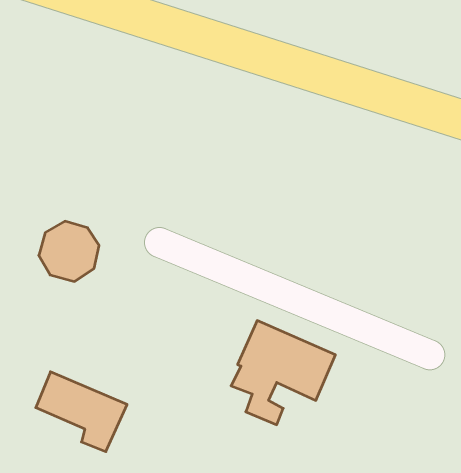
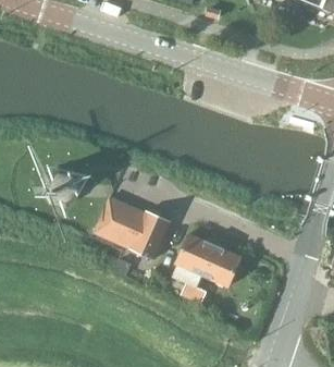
building: [36,372,127,452] -> [100,205,161,258]

